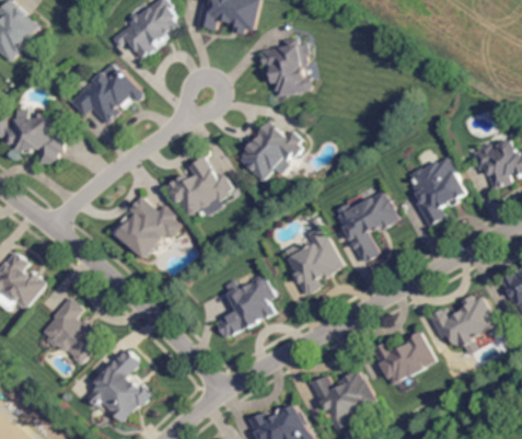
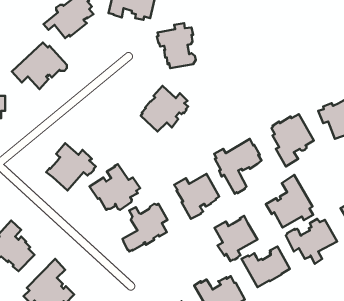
building: [165,155,232,216] -> [89,164,140,210]
building: none -> [266,175,313,227]
building: none -> [214,216,257,261]

